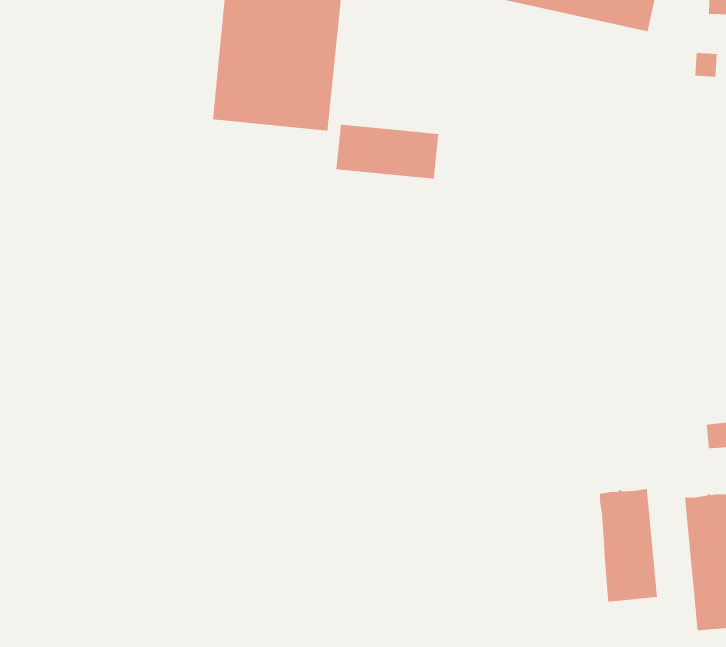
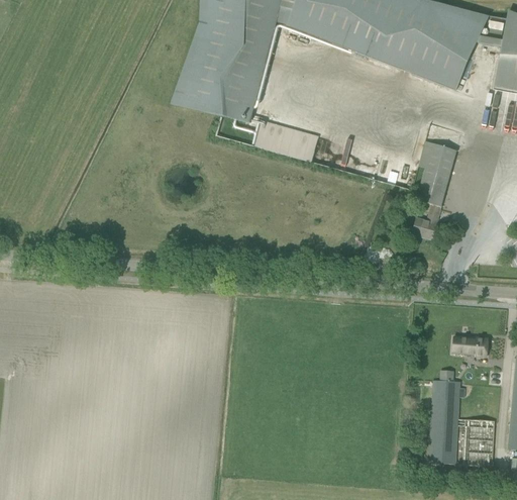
building: none -> [412,140,456,237]
building: [599,488,658,603] -> none

